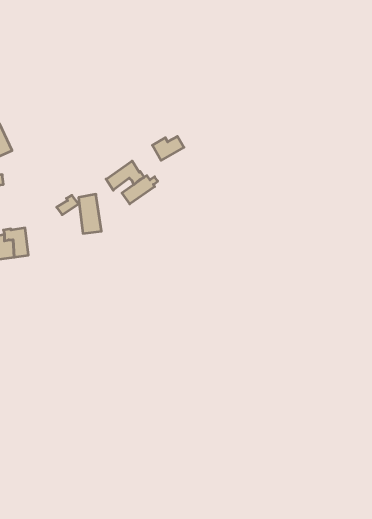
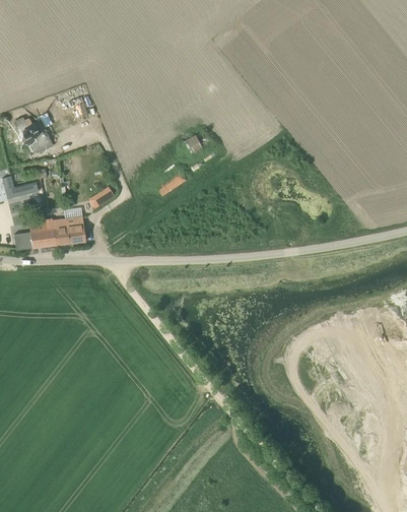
building: [106,161,144,190] -> none
building: [79,194,101,233] -> [64,207,85,244]

